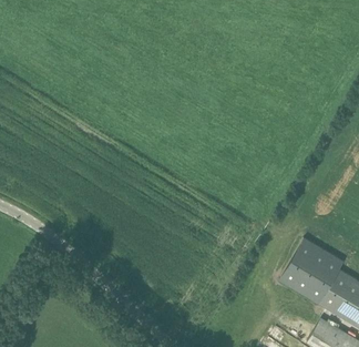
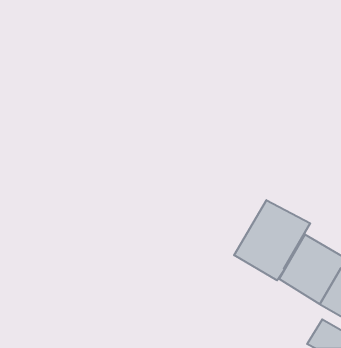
building: none -> [234,200,310,280]

